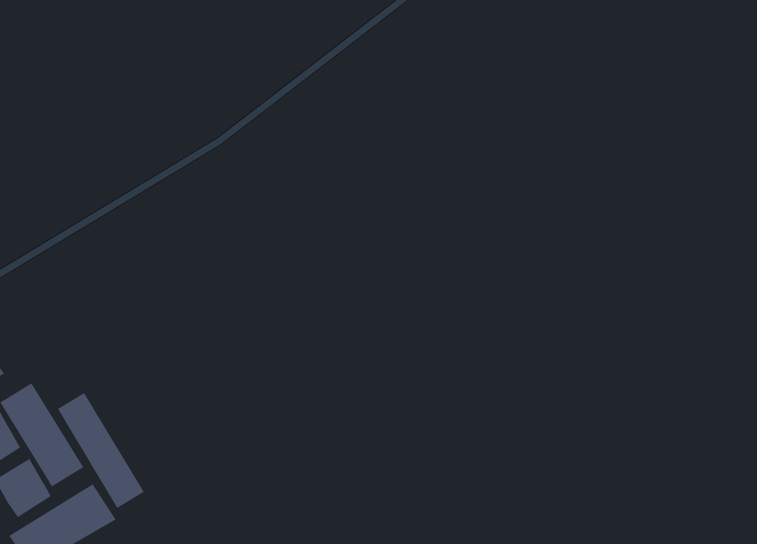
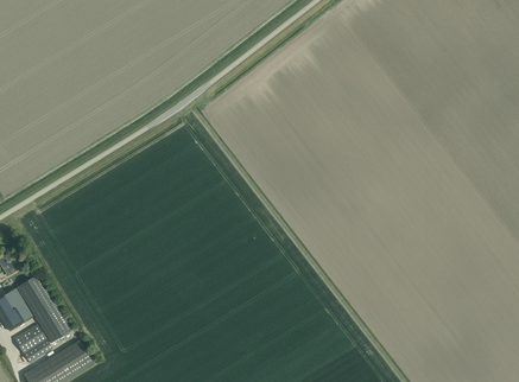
building: [57,392,144,509] -> none

